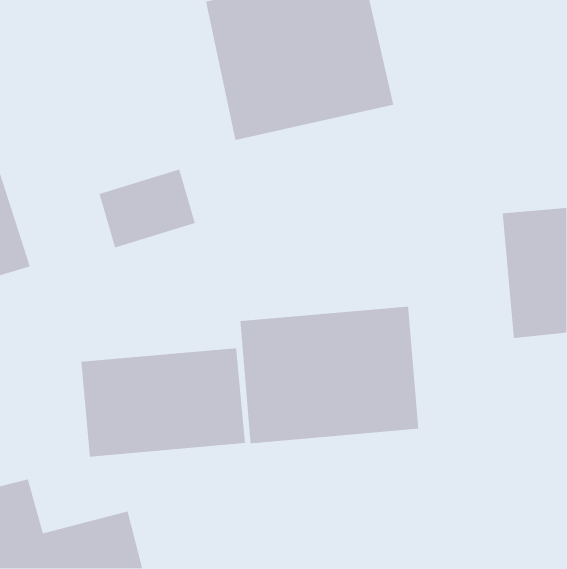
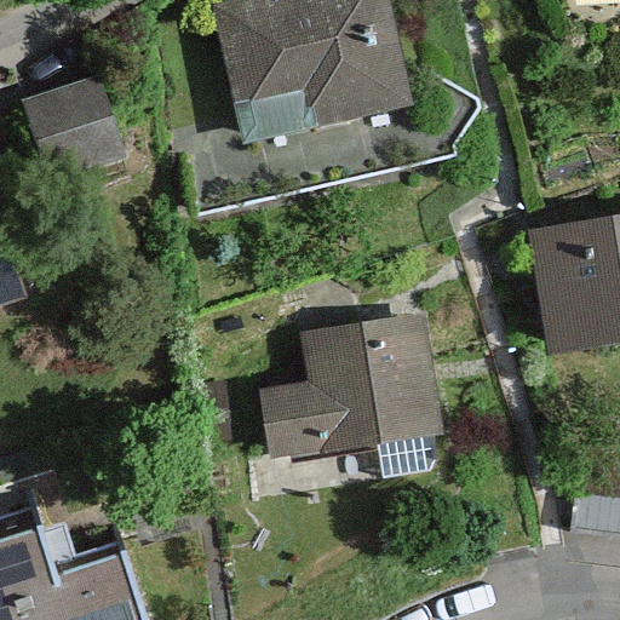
building: [98,168,196,249] -> [13,74,116,159]
building: [80,347,246,457] -> none

